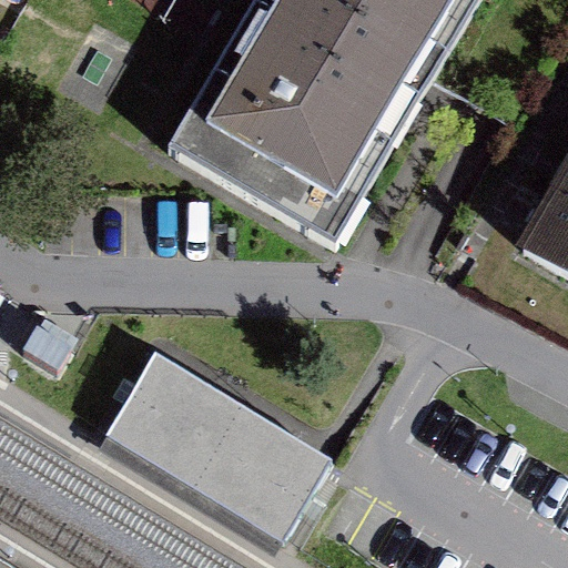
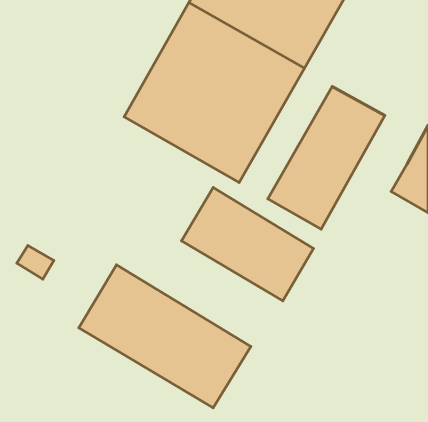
building: none -> [268,86,385,229]
building: none -> [181,187,314,301]

